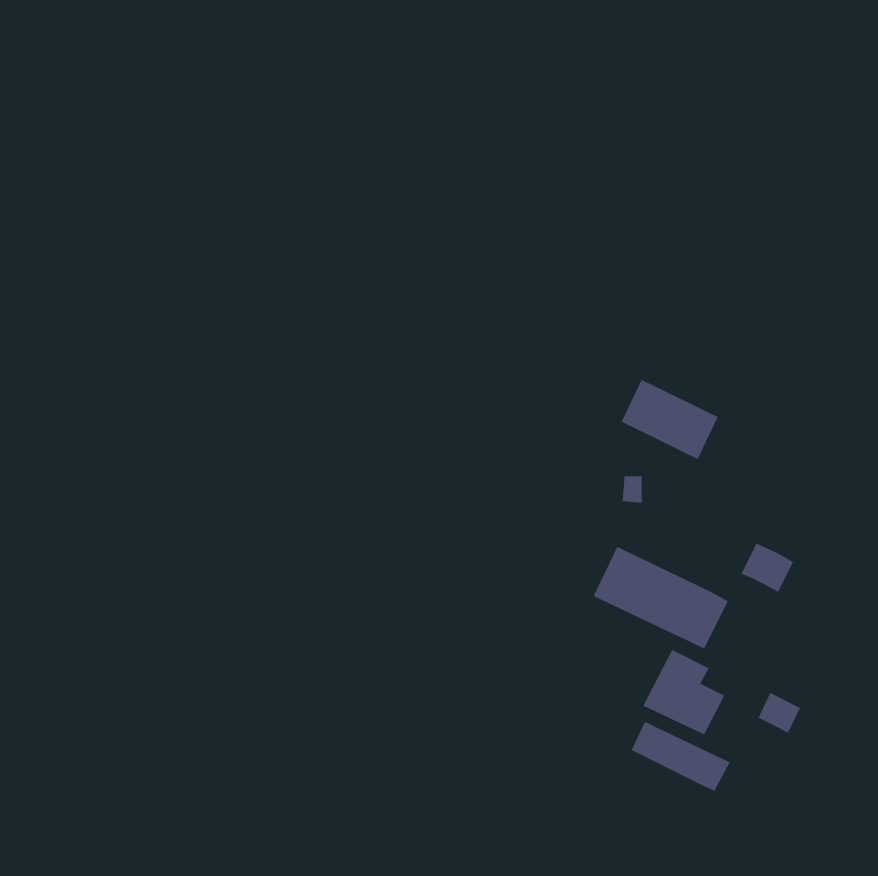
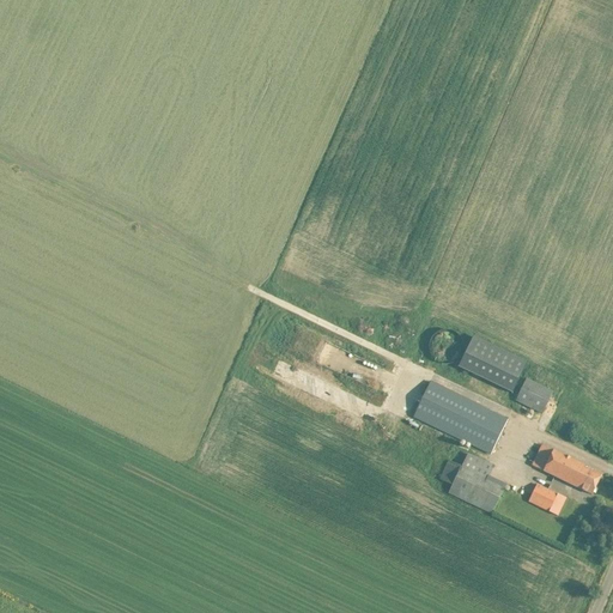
building: [621,379,719,460] -> [459,333,527,389]
building: [631,721,730,791] -> [533,444,602,493]

